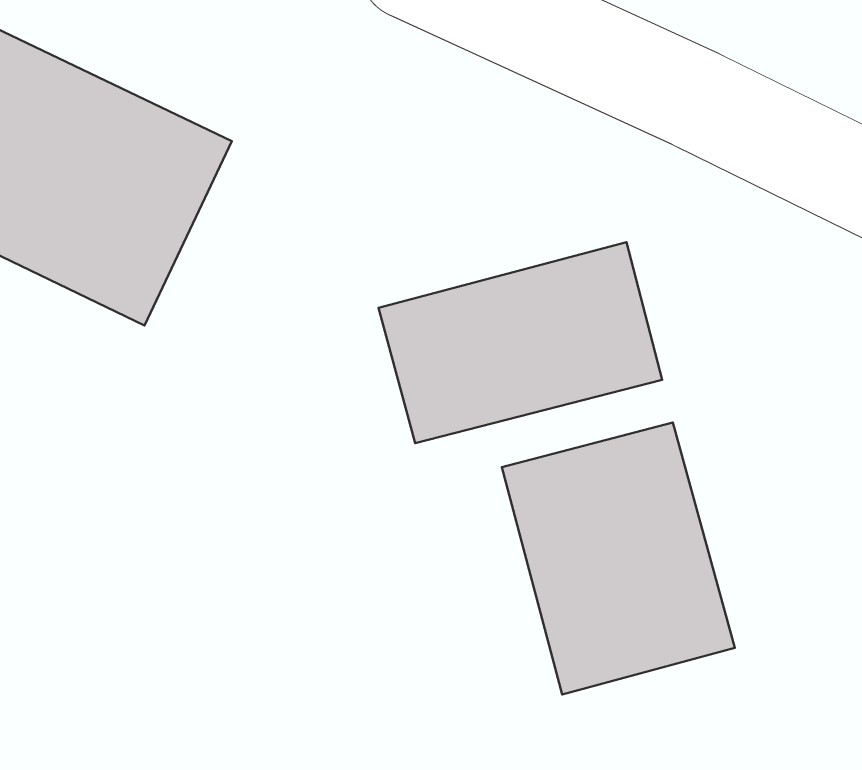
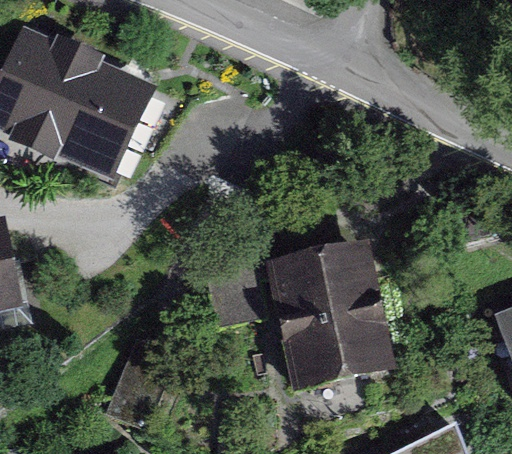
building: [379,242,662,443] -> none

